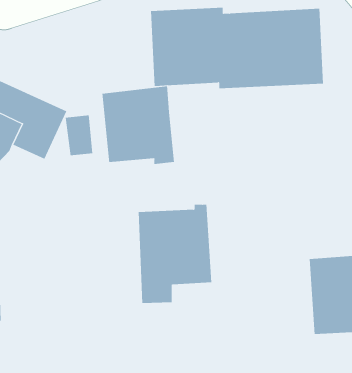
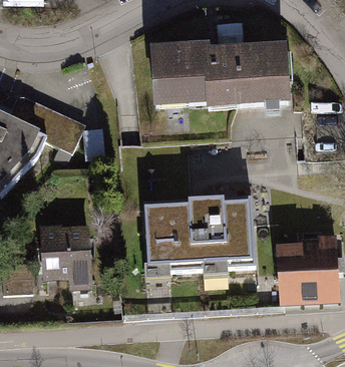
building: [102,86,175,165] -> none
building: none -> [198,199,252,277]
building: none -> [39,224,92,289]

